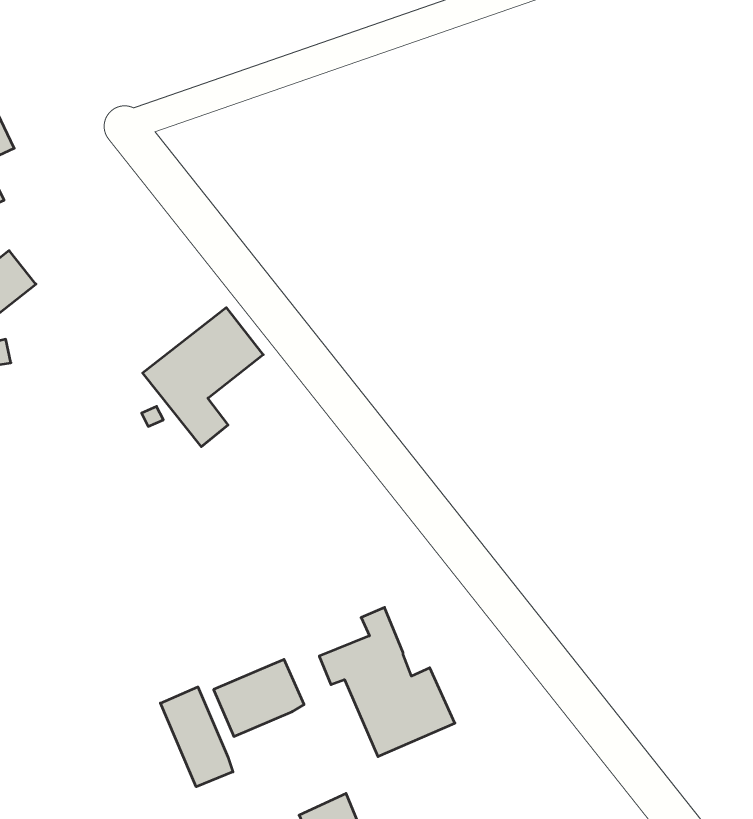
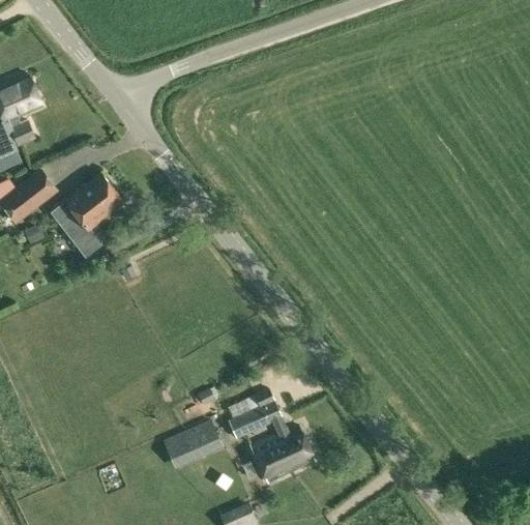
building: [143,308,263,447] -> [49,172,123,258]
building: [160,687,233,787] -> none

